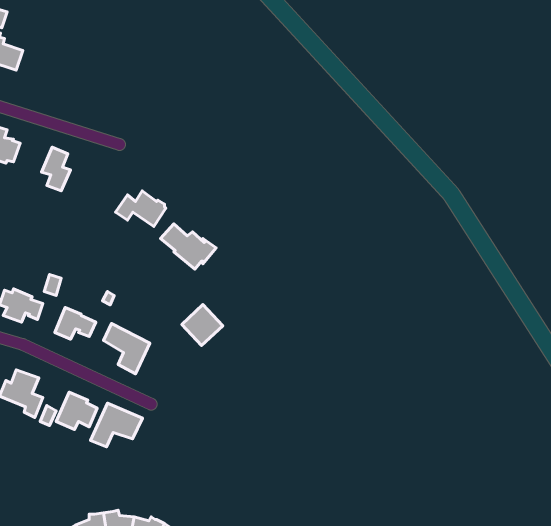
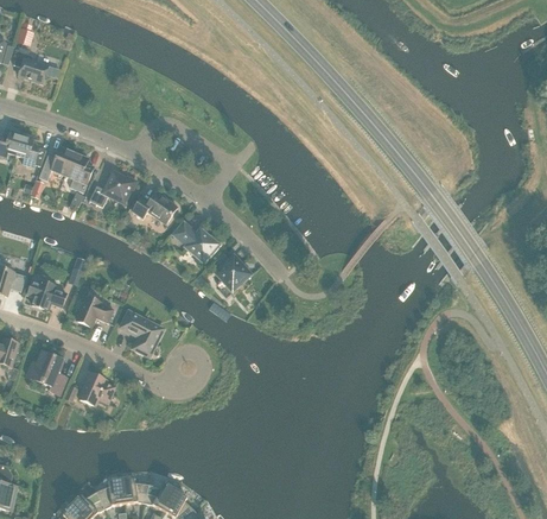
building: none -> [38,146,74,179]
building: none -> [88,170,135,207]
building: [182,305,223,346] -> [214,254,250,291]
building: [91,403,142,447] -> none

